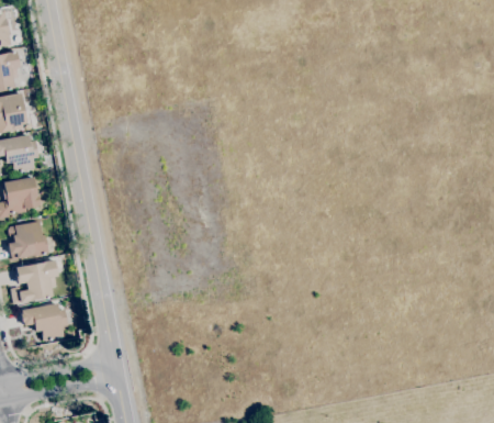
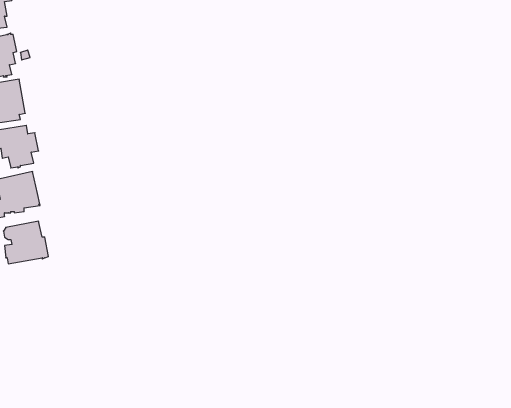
building: [11,260,58,304] -> none
building: [21,303,68,341] -> none

